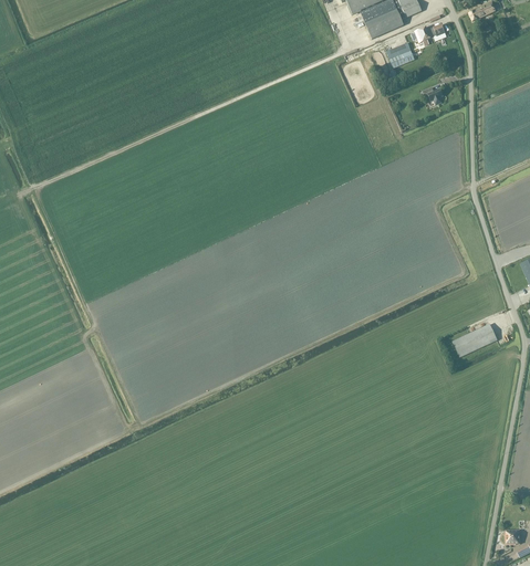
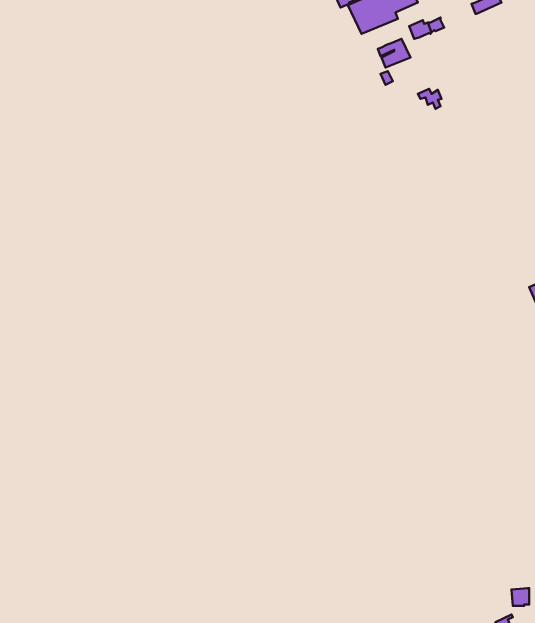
building: [451,323,496,357] -> none

